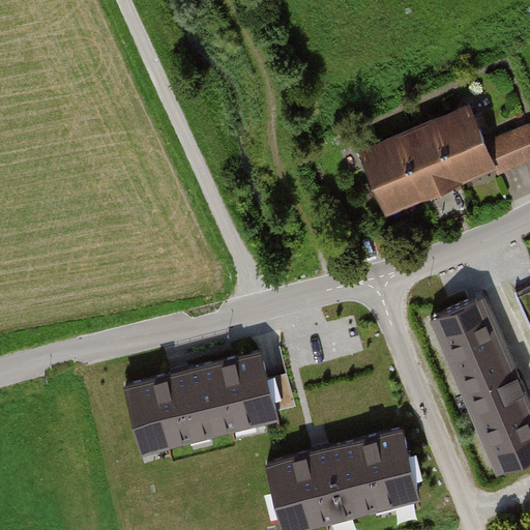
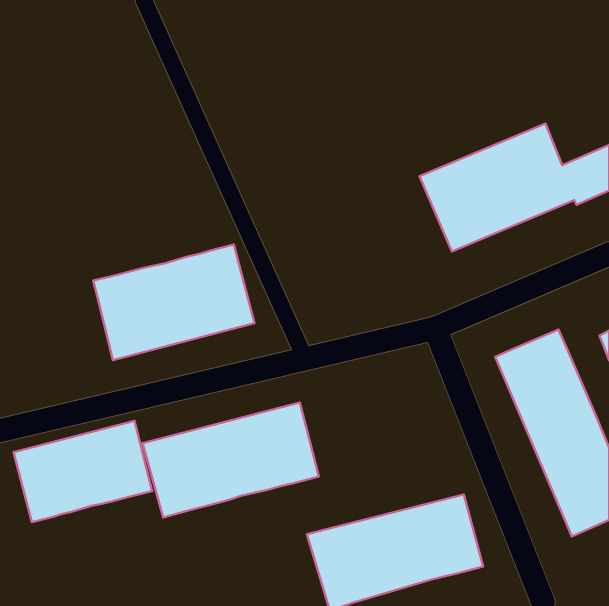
building: none -> [93,244,255,360]
building: none -> [14,421,152,522]

